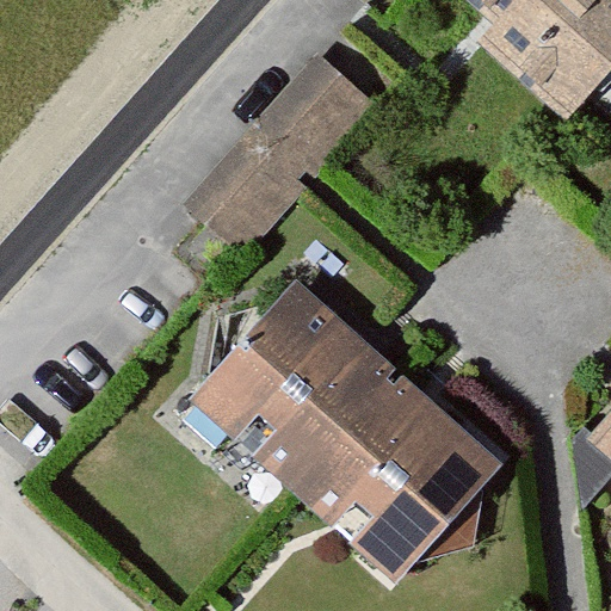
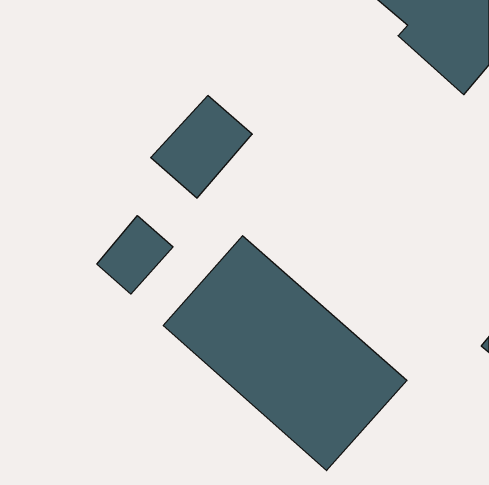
building: [257,43,377,166] -> none
building: none -> [97,216,173,294]

